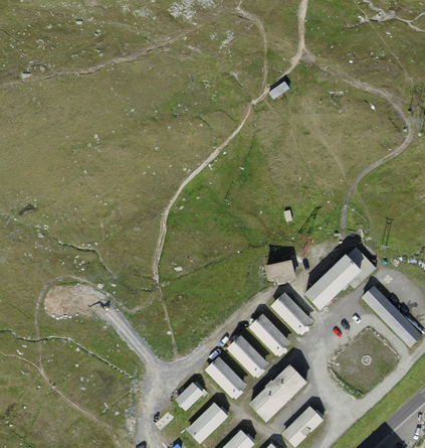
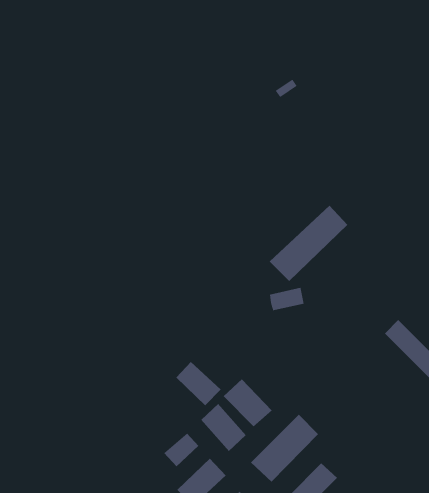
building: [303,247,371,312] -> [269,205,348,282]
building: [269,292,312,334] -> none
building: [249,314,288,352] -> [175,361,222,406]

